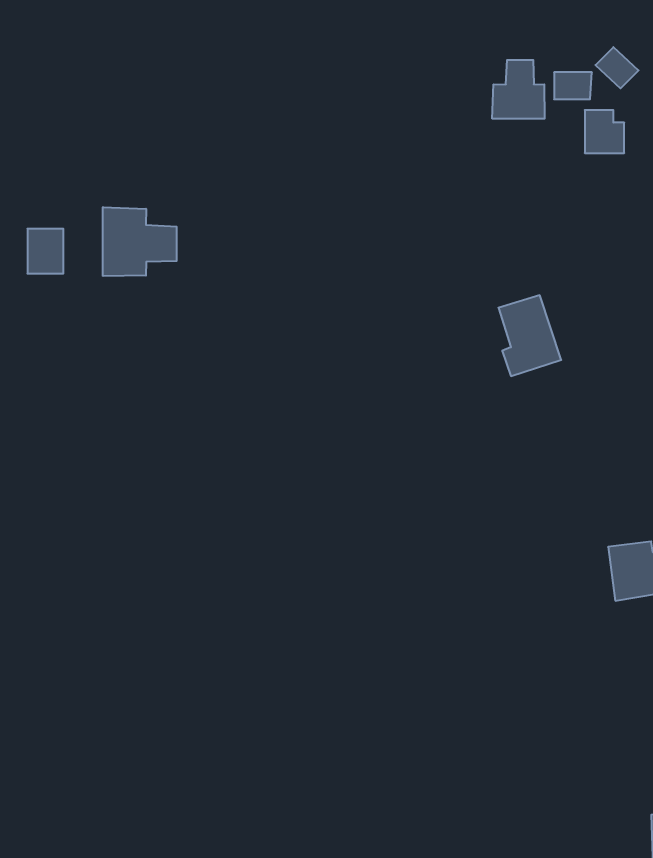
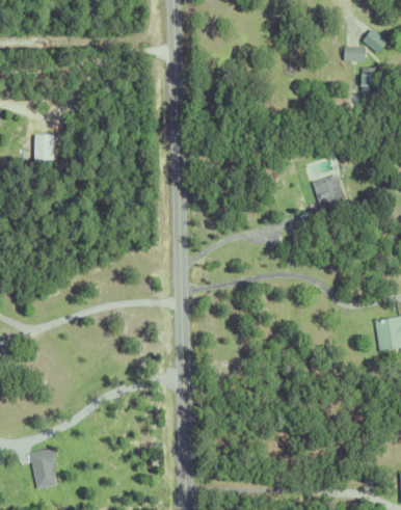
building: [492,60,545,119] -> none
building: [103,207,177,276] -> none
building: none -> [33,449,63,490]

